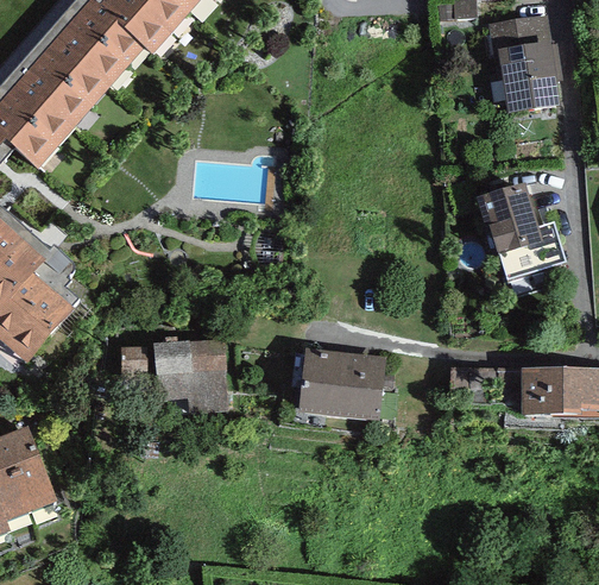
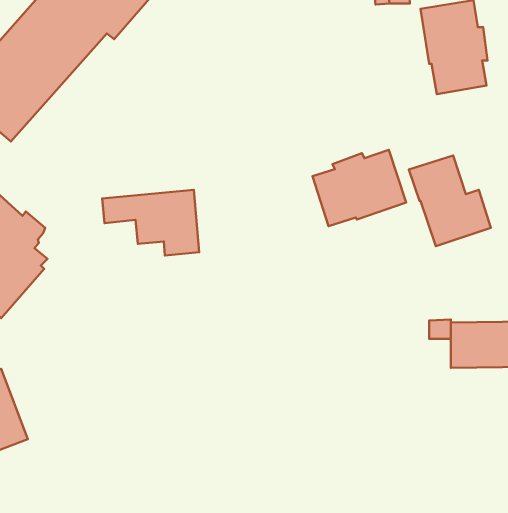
building: none -> [312,150,406,226]
building: [121,339,228,411] -> [102,190,199,256]
building: [298,348,384,422] -> none

